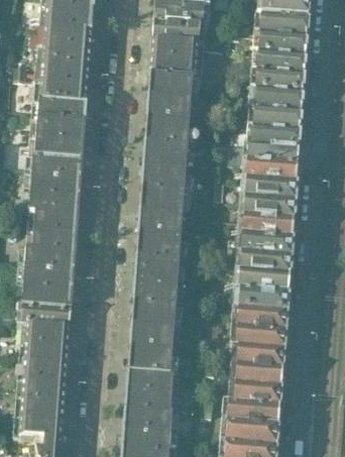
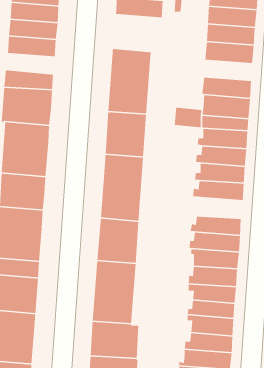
building: [150,37,205,79] -> none
building: [34,80,89,102] -> none
building: [249,87,303,109] -> none
building: [236,235,293,258] -> none

